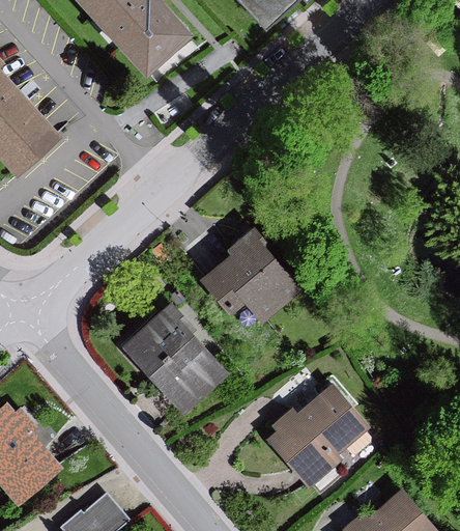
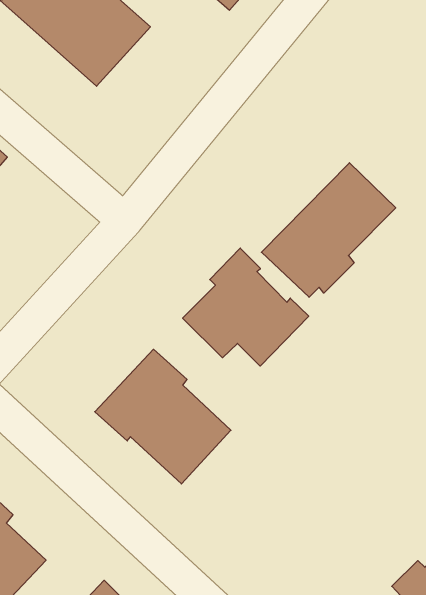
building: none -> [261,163,396,297]
building: [262,387,366,493] -> none

